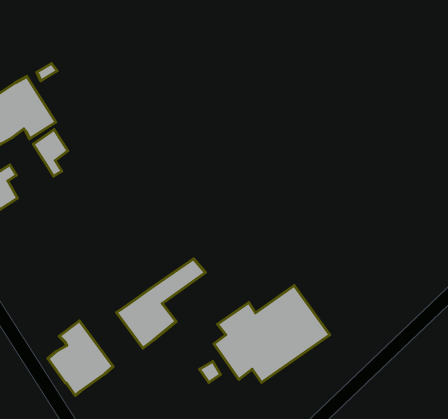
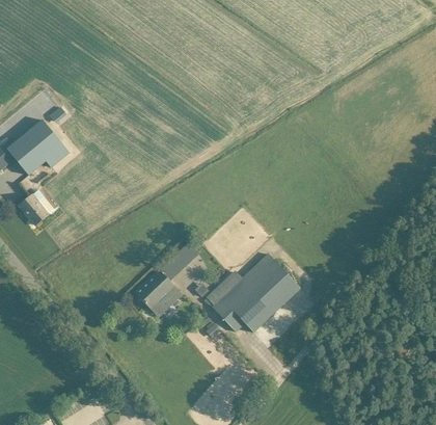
building: [33,129,68,176] -> none
building: [48,321,113,395] -> none

